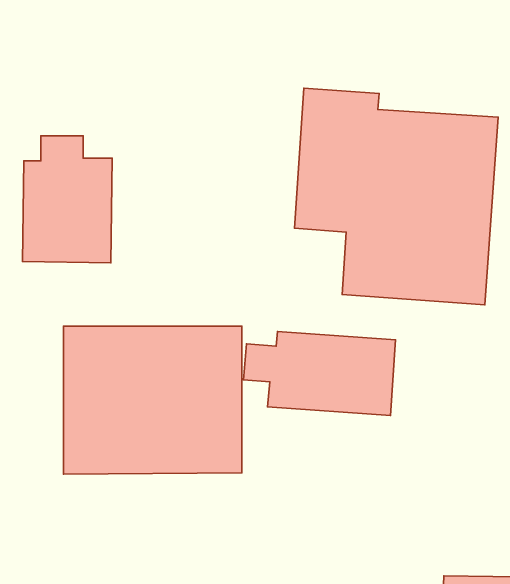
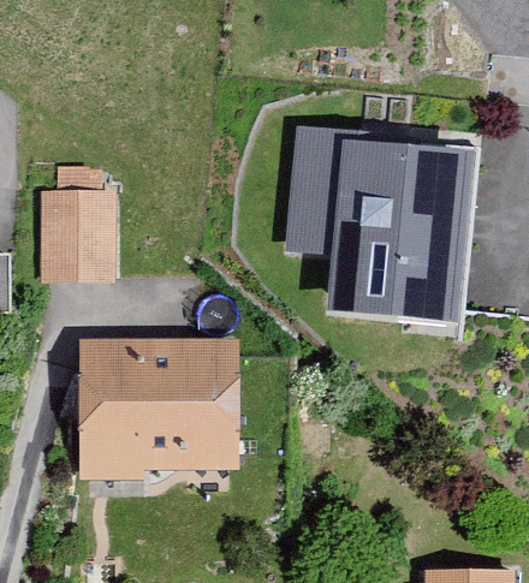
building: [243,331,396,415] -> none

